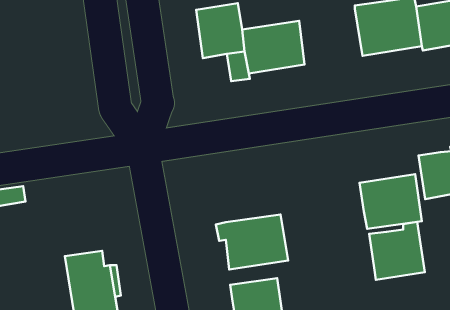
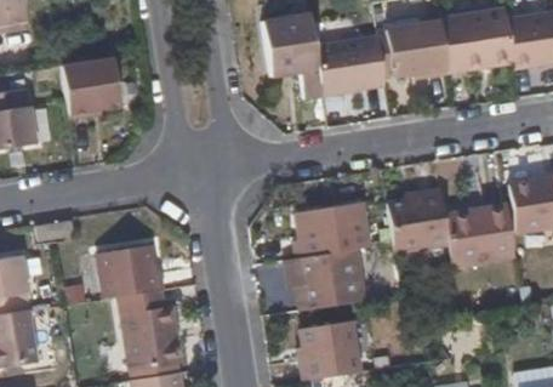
building: none -> [386,22,449,76]
building: none -> [62,57,120,119]
building: none -> [295,200,371,258]
building: none -> [95,227,163,298]
building: [369,222,425,280] -> [388,190,450,255]

